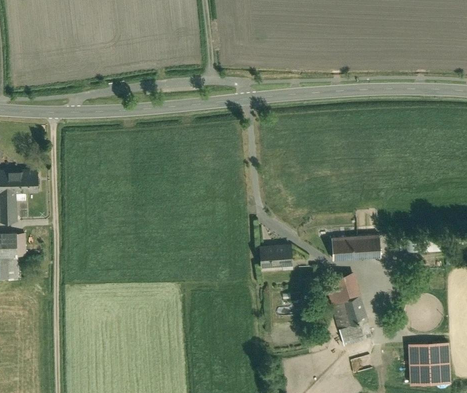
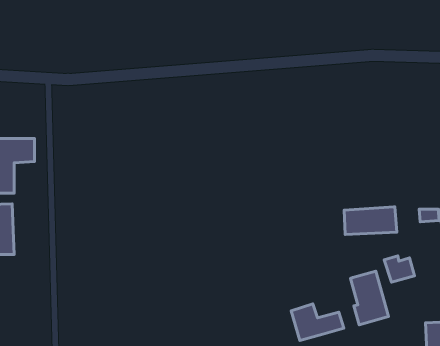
building: [260,243,293,268] -> none
building: [332,277,361,302] -> [384,256,415,282]
building: none -> [291,304,344,340]

